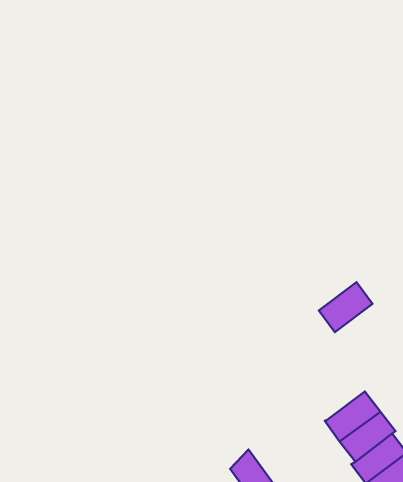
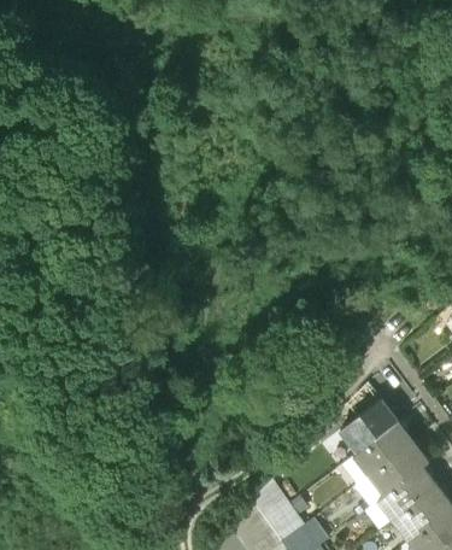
building: [319,282,372,332] -> [339,402,395,455]

